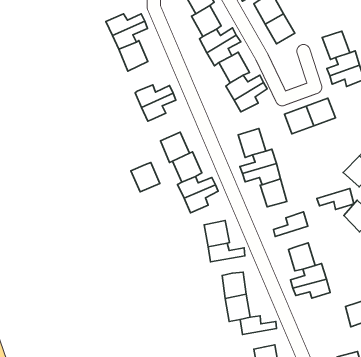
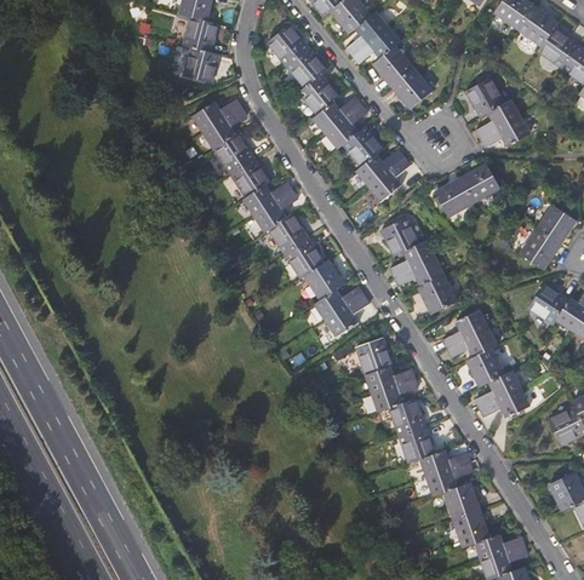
building: none -> [231,156,270,195]
building: [131,163,160,192] -> [270,213,309,252]
building: [317,188,354,209] -> [448,328,496,357]
building: none -> [373,378,418,410]
building: none -> [428,461,473,495]

